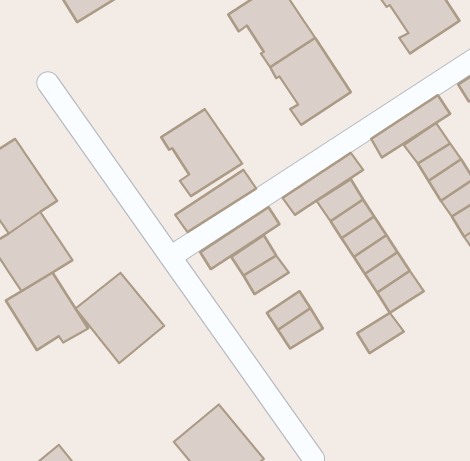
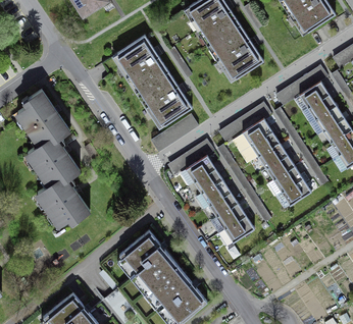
building: none -> [112,36,168,91]
building: none -> [201,179,231,206]
building: [76,273,164,363] -> [119,231,178,290]
building: [357,313,404,353] -> [224,216,255,242]

